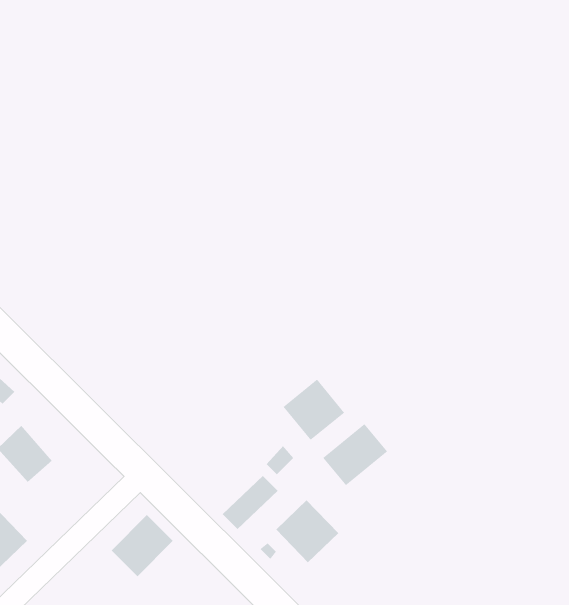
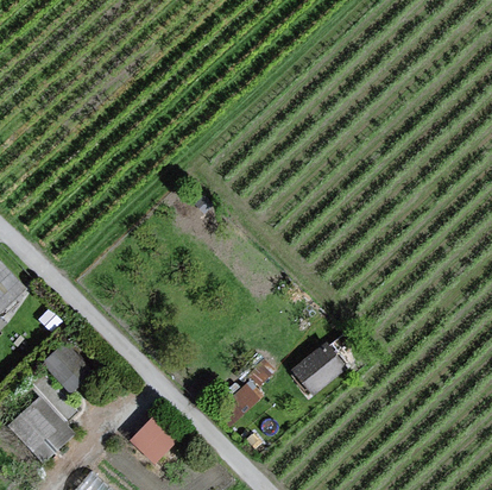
building: [283,379,345,441] -> none
building: [275,499,339,563] -> none

